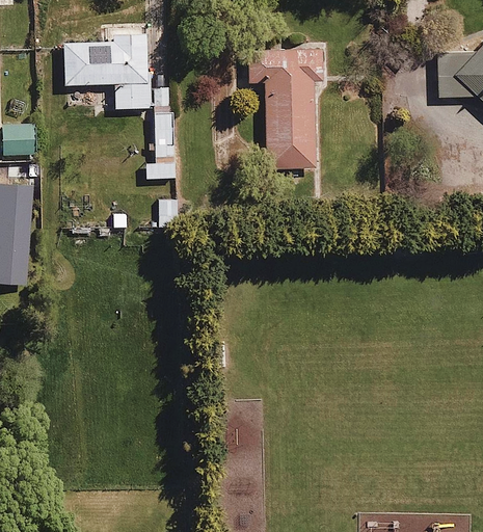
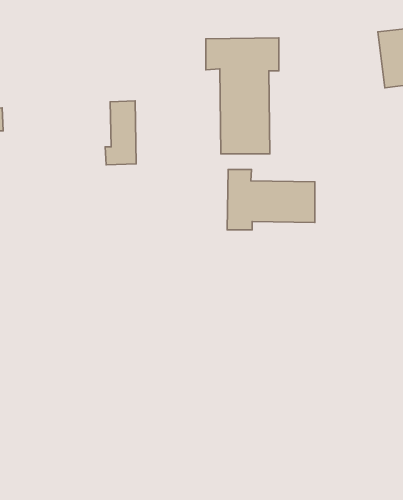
building: [63,34,152,110] -> none
building: none -> [227,169,315,230]

